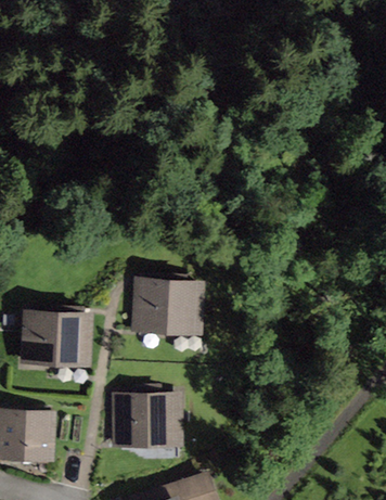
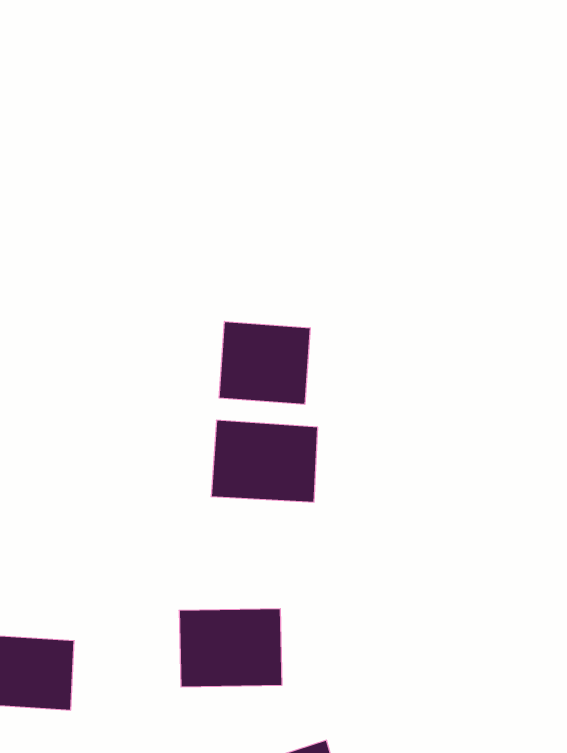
building: none -> [219,321,310,404]
building: [25,312,89,361] -> none

